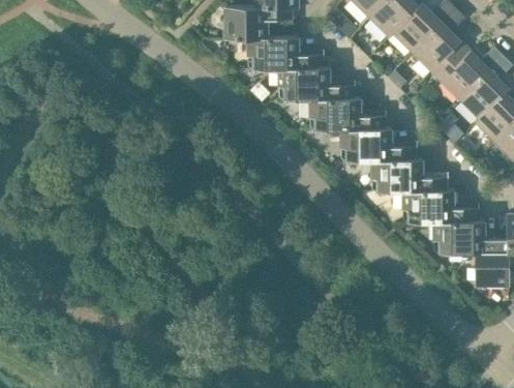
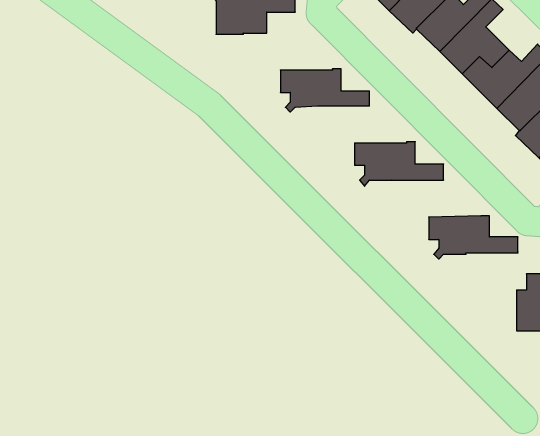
building: [247,37,322,73] -> none
building: [309,98,384,135] -> none
building: [371,159,446,196] -> none
building: [433,220,484,258] -> none

